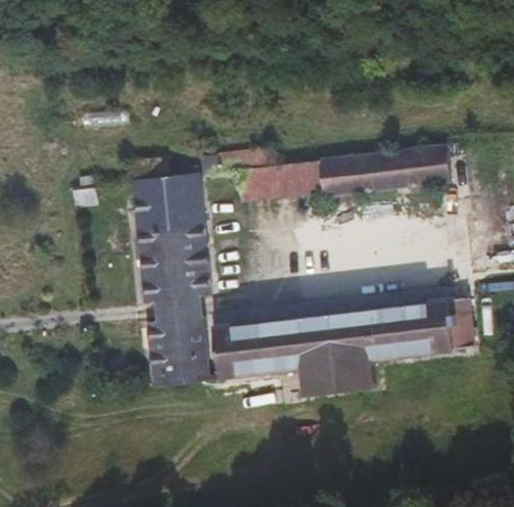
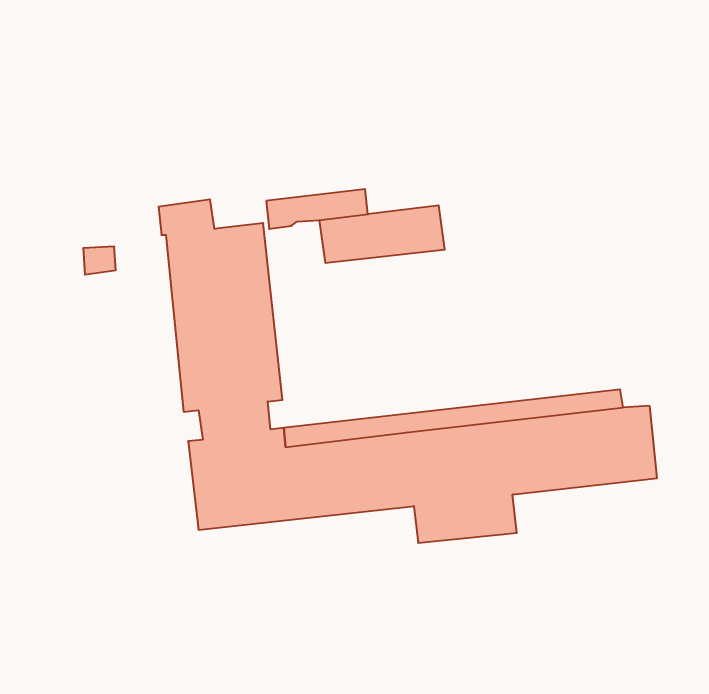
building: [321,146,451,197] -> none

